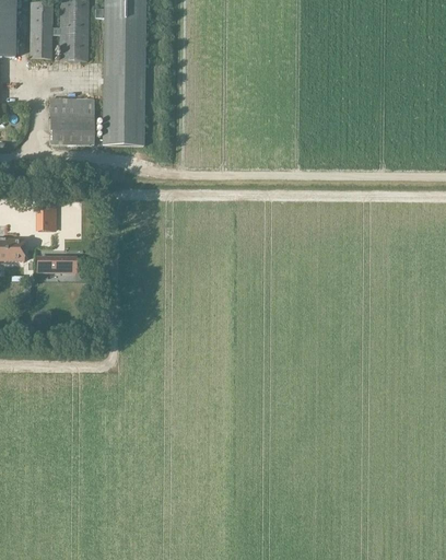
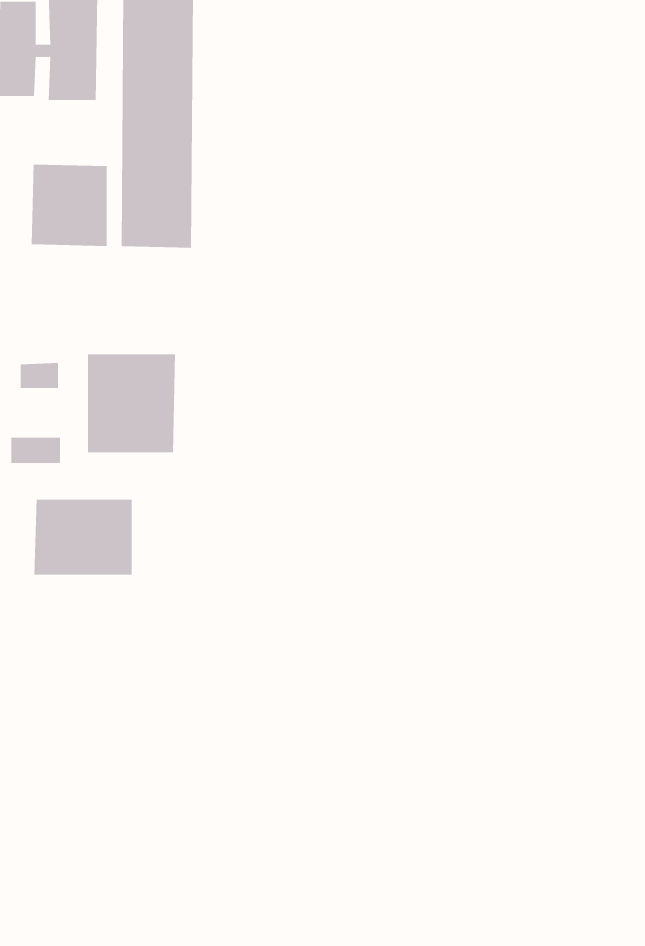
building: none -> [87,354,176,453]
building: none -> [34,499,132,575]

